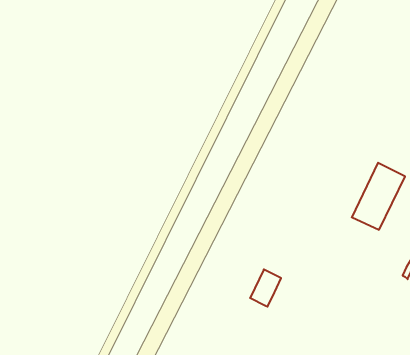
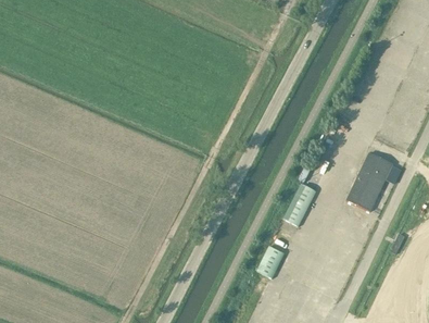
building: none -> [283,183,317,225]

